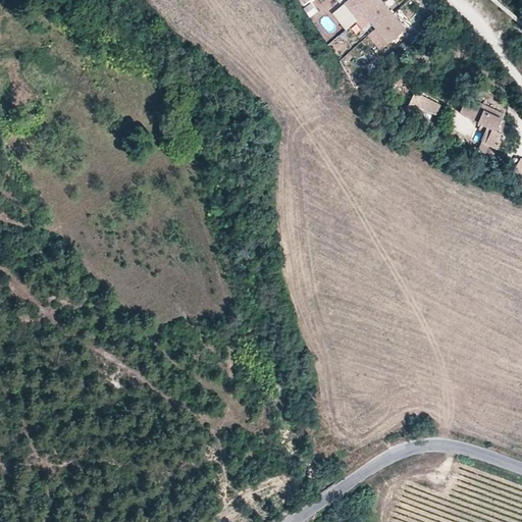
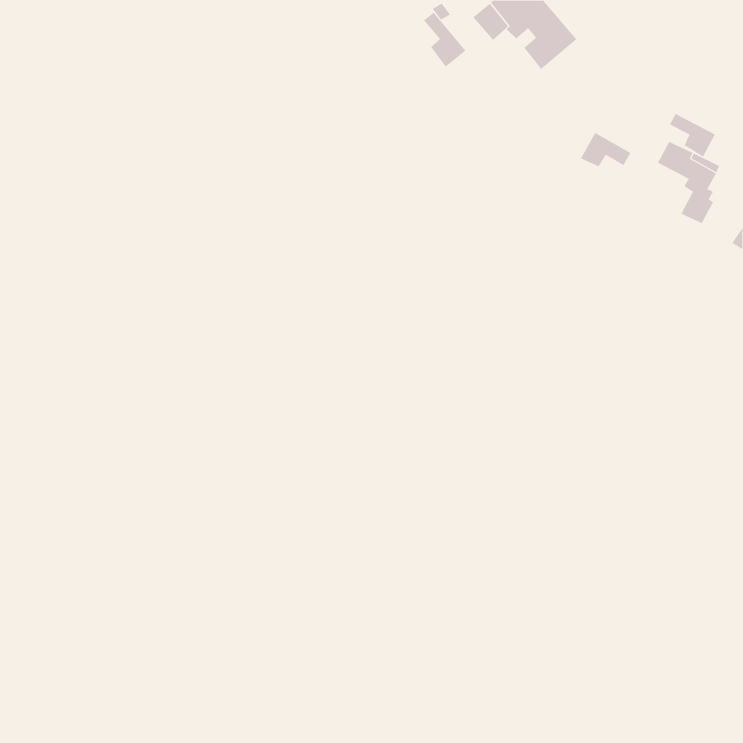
building: none -> [423,12,466,68]
building: none -> [669,113,715,157]

